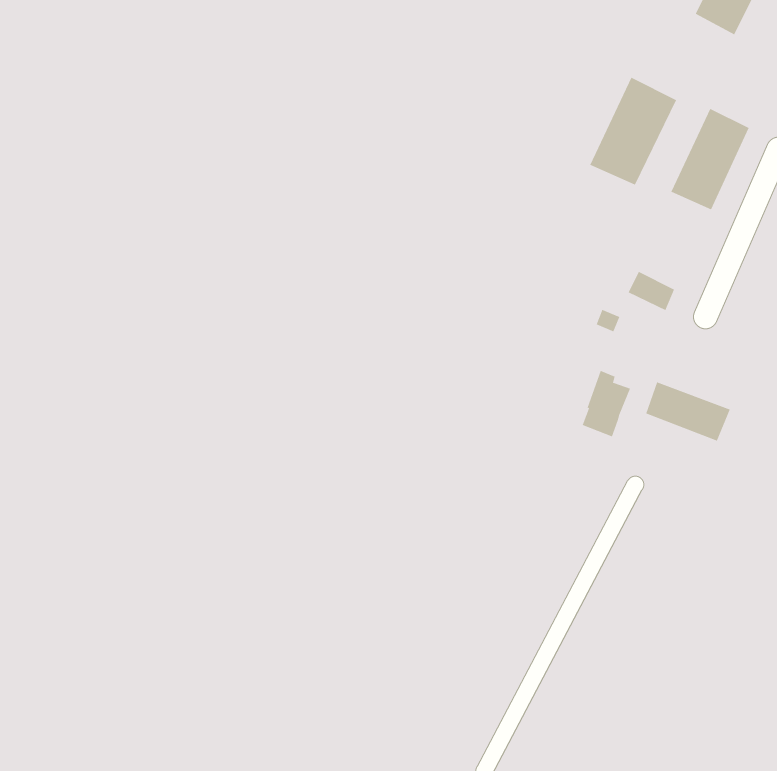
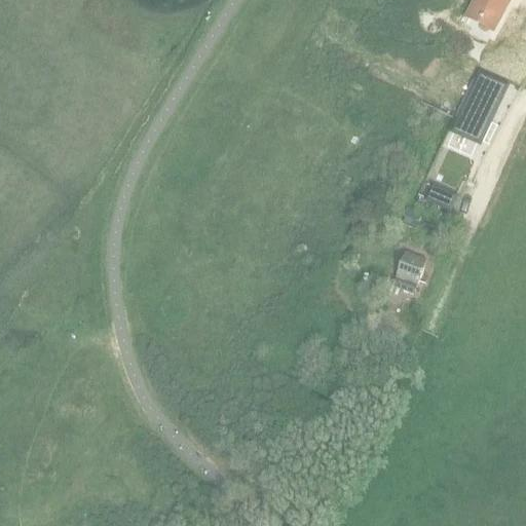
building: [589,77,677,186] -> none
building: [646,382,730,441] -> none

